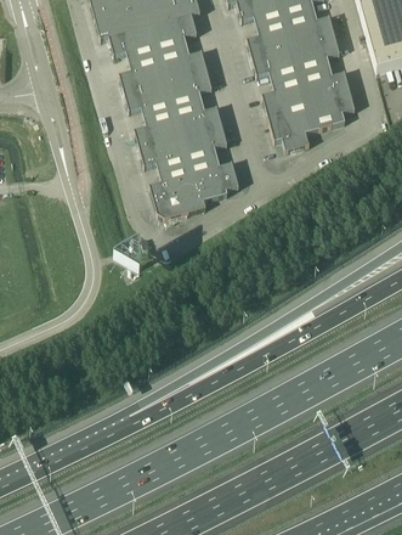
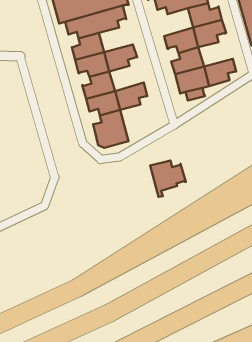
building: [247,18,293,58] -> none
building: [158,46,206,81] -> none
building: [300,67,350,102] -> none
building: [172,101,222,137] -> none
building: [188,157,239,209] -> [150,161,186,197]

